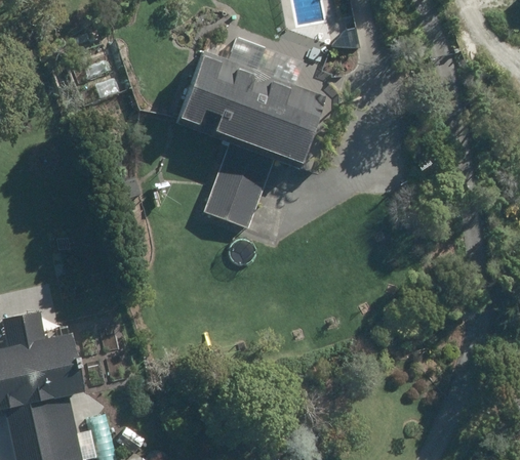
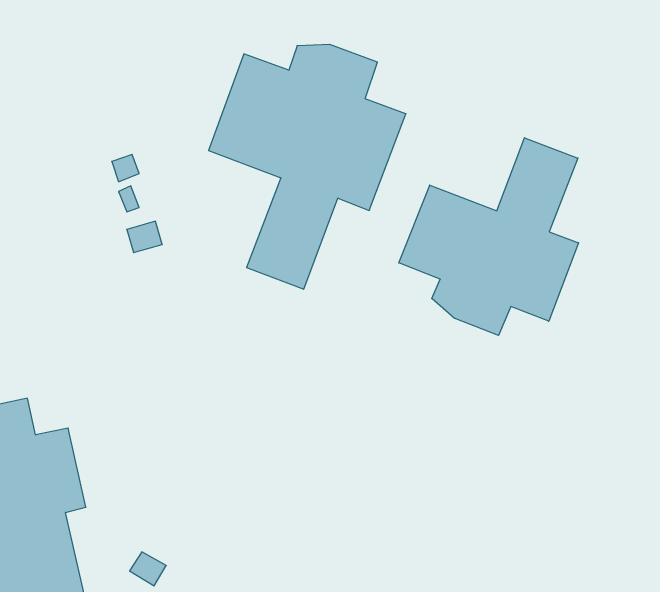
building: none -> [399,138,579,335]

